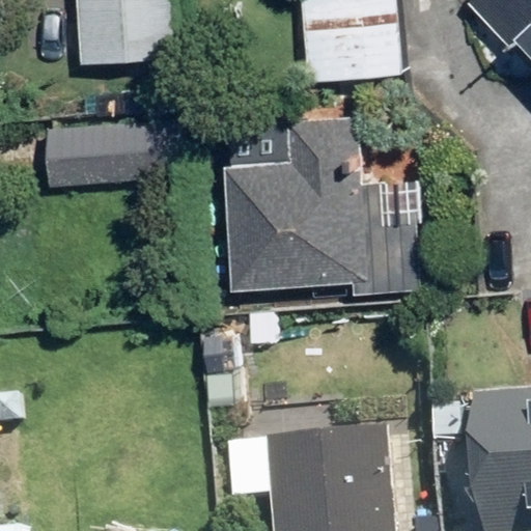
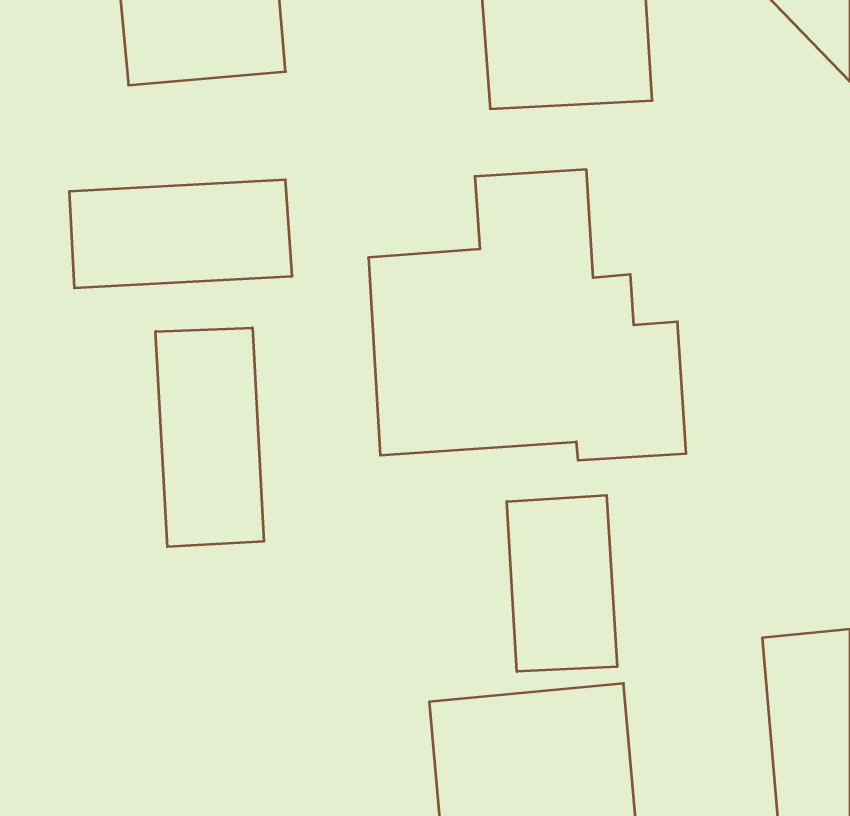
building: none -> [156,328,264,547]
building: none -> [507,495,617,672]

